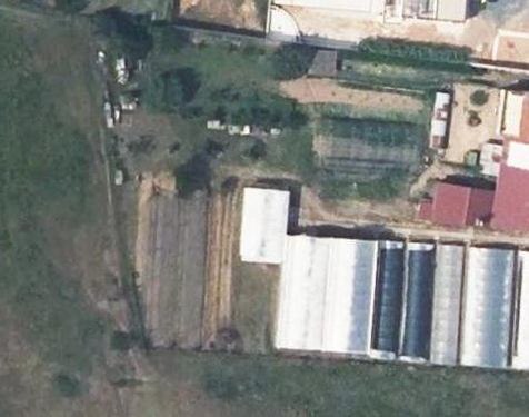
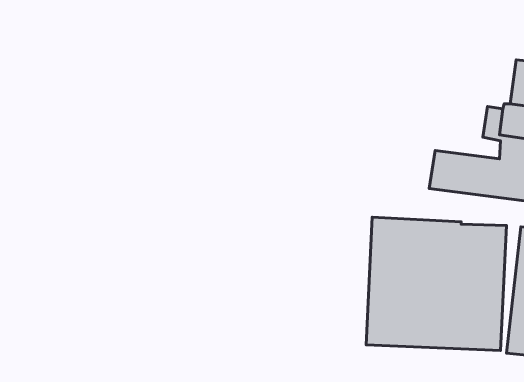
building: [241,187,372,353] -> none

